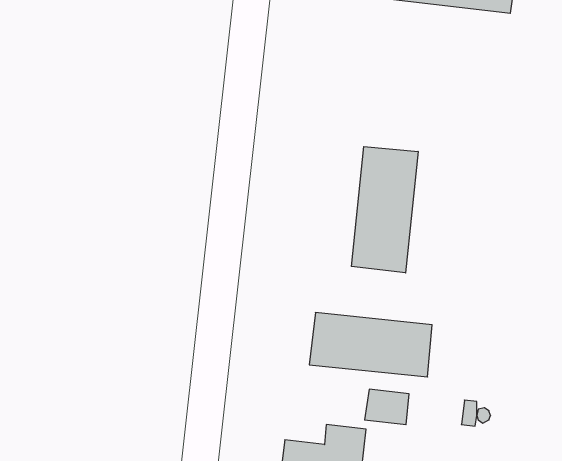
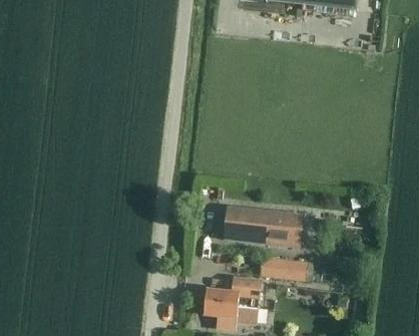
building: [351,147,418,273] -> none

